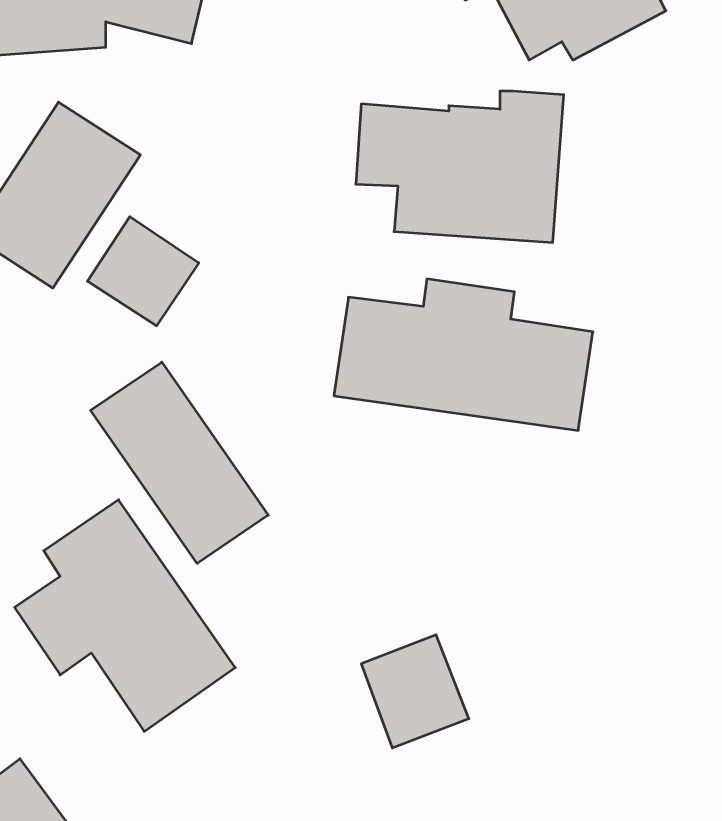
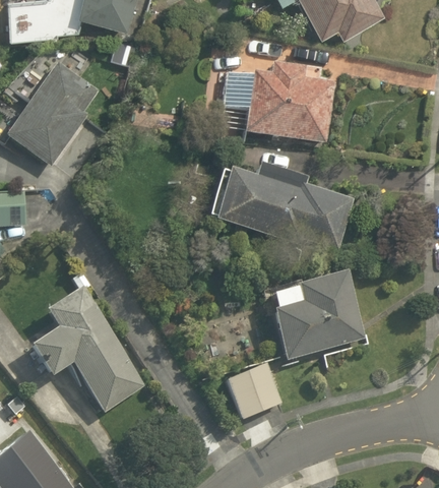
building: [87,217,199,326] -> none
building: [91,362,268,563] -> none
building: none -> [266,269,370,362]

